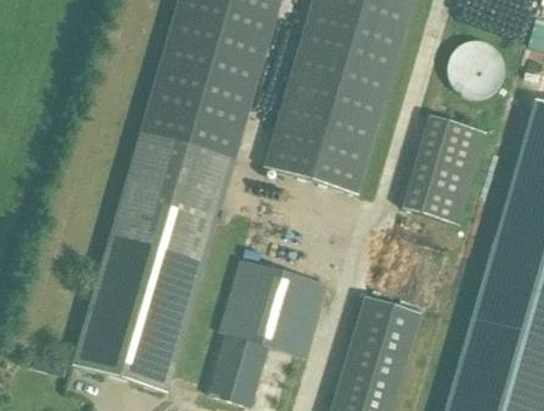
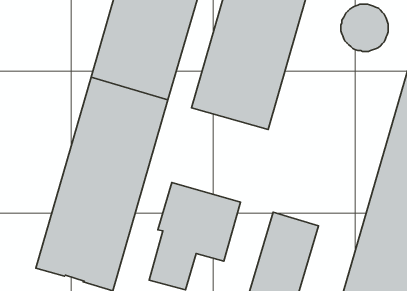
building: [403,114,487,224] -> none

